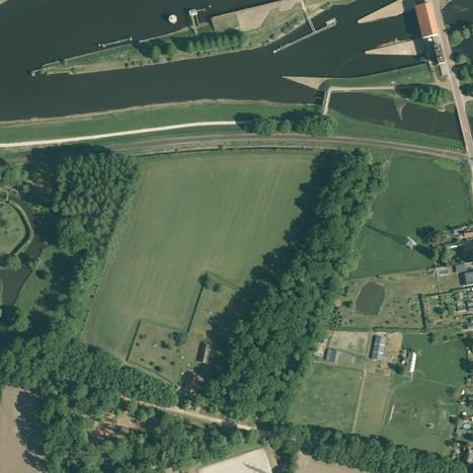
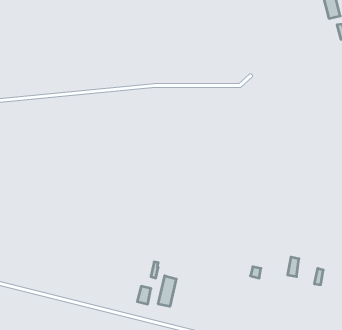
building: none -> [158,276,176,306]

